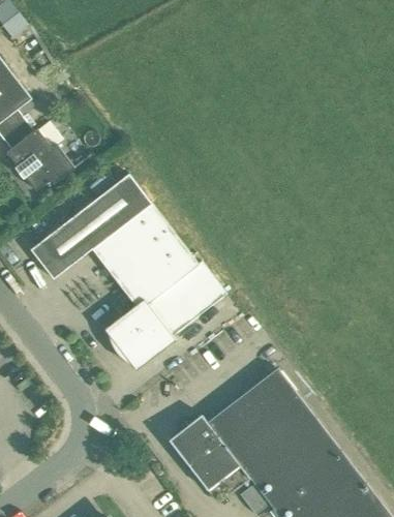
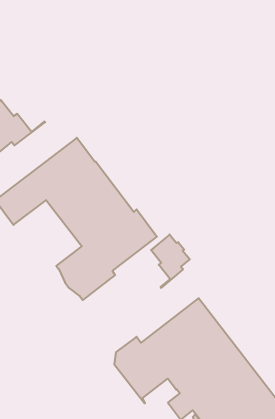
building: none -> [151,234,190,288]

